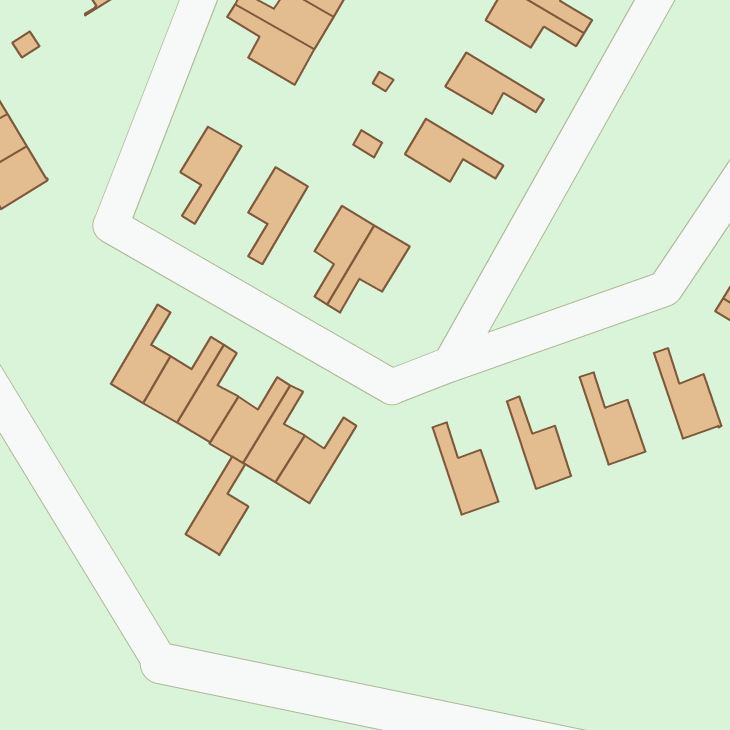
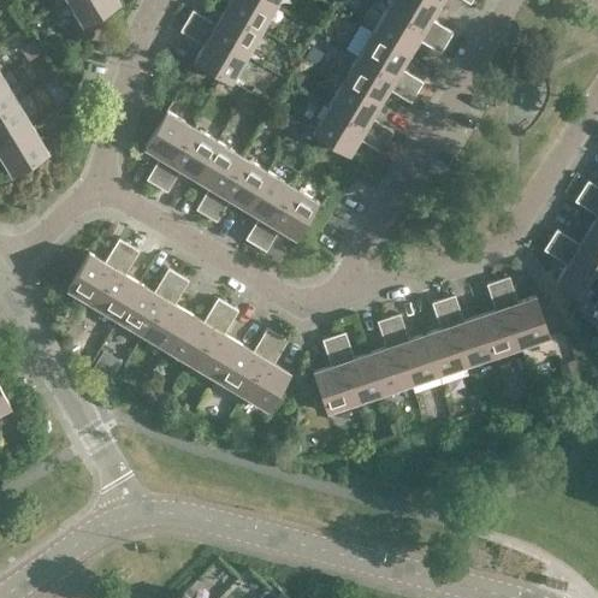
building: none -> [359,36,422,95]
building: none -> [328,85,392,144]
building: none -> [156,130,217,194]
building: none -> [207,160,266,224]
building: none -> [67,243,129,307]
building: none -> [479,284,520,357]
building: none -> [425,302,464,375]
building: none -> [369,320,410,395]
building: none -> [314,339,355,414]
building: [185,457,248,555] -> [242,338,289,412]

